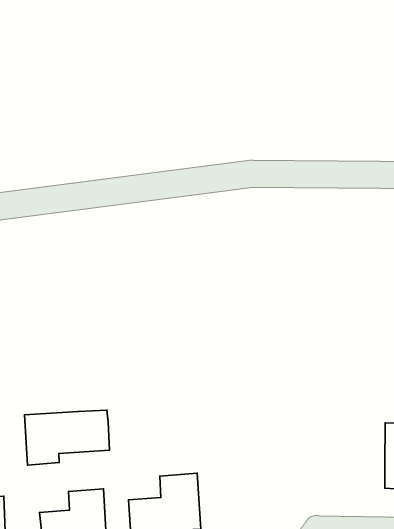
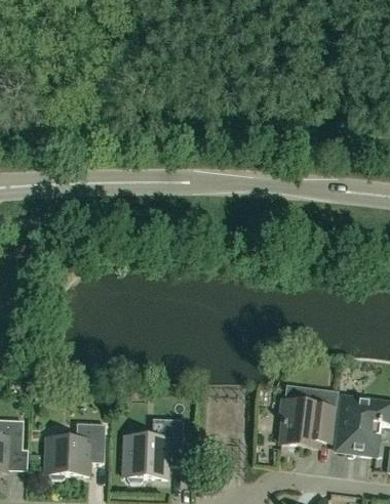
building: [24,410,109,465] -> none
building: none -> [280,393,336,447]

